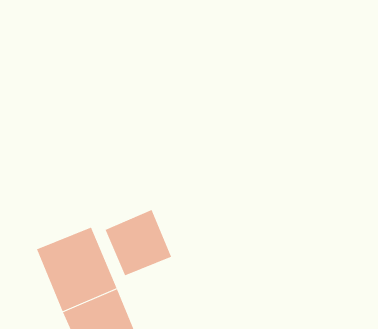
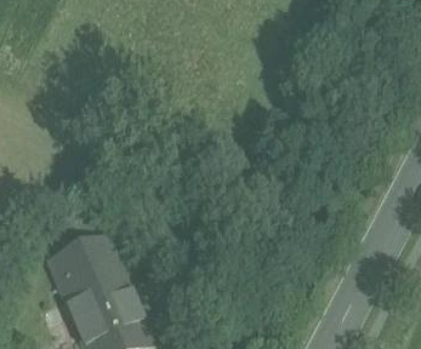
building: [105,209,172,276] -> none

